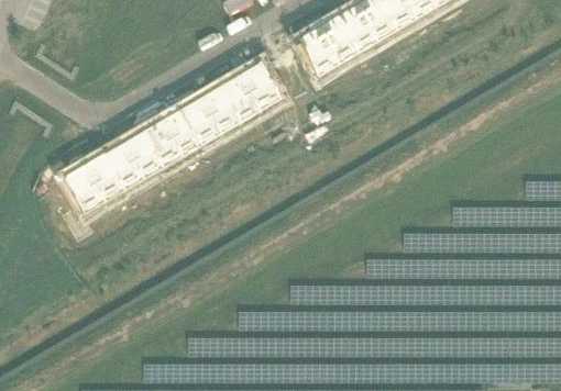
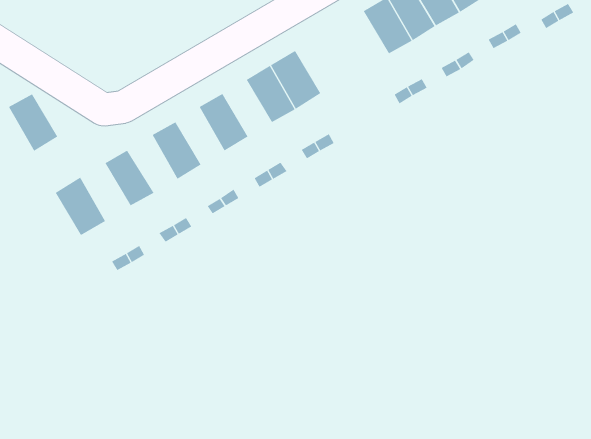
building: [298,23,341,70] -> none
building: [206,79,245,125] -> none
building: [167,101,207,148] -> none
building: [128,124,168,171] -> none
building: [89,147,130,194] -> [8,94,58,151]

